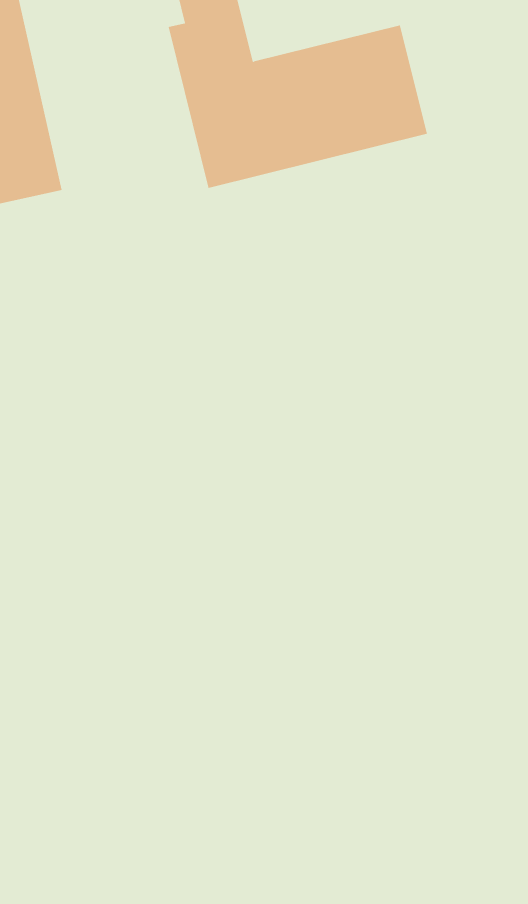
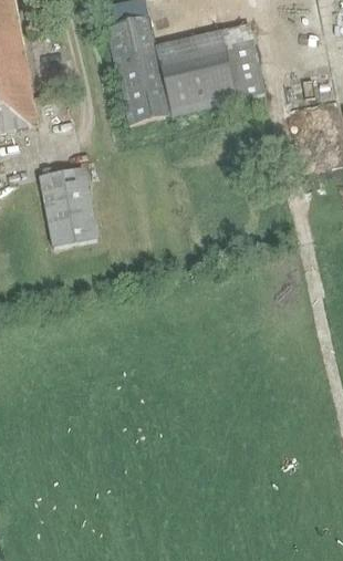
building: none -> [39,166,98,247]

